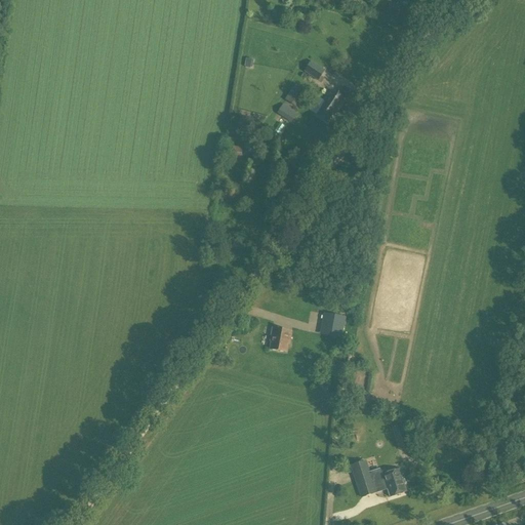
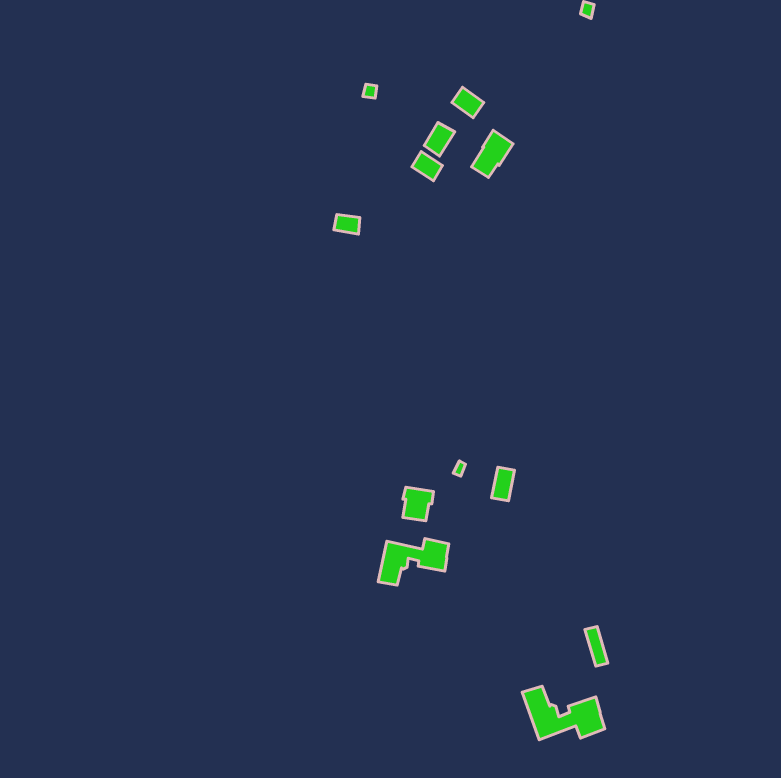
building: none -> [378,539,449,585]

